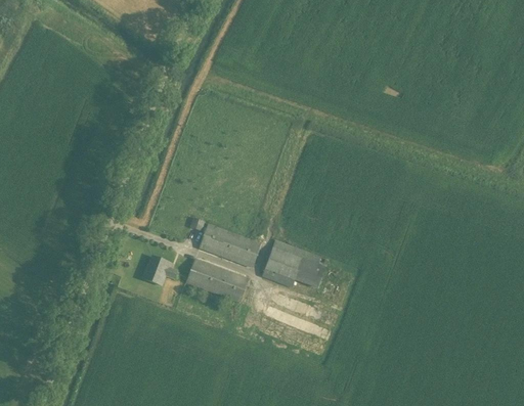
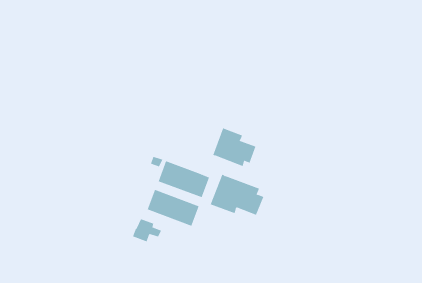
building: none -> [213,128,256,167]
building: [142,256,178,284] -> [132,219,162,242]

